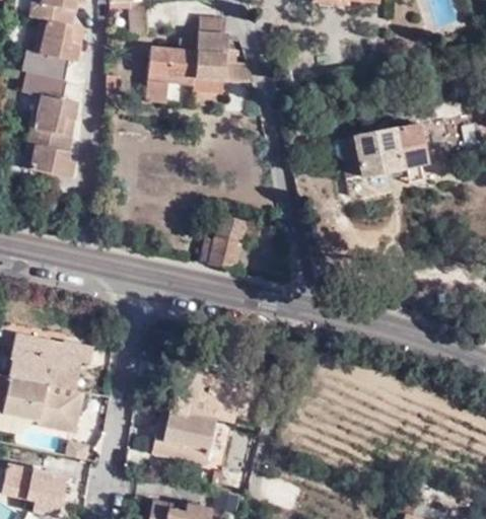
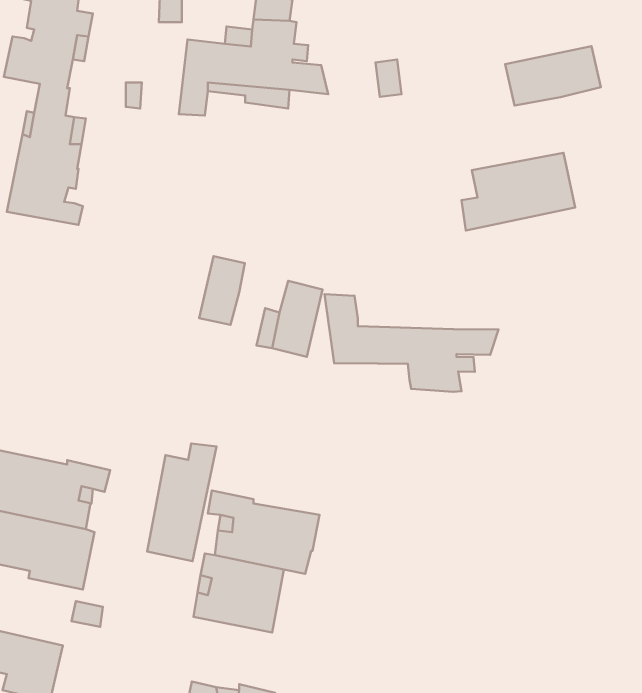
building: none -> [505,46,601,106]
building: none -> [199,256,245,325]
building: none -> [325,294,499,392]
building: none -> [147,443,216,561]

